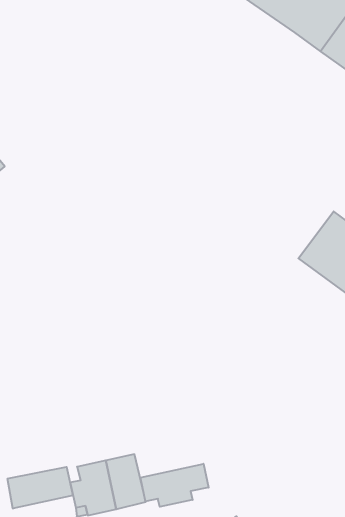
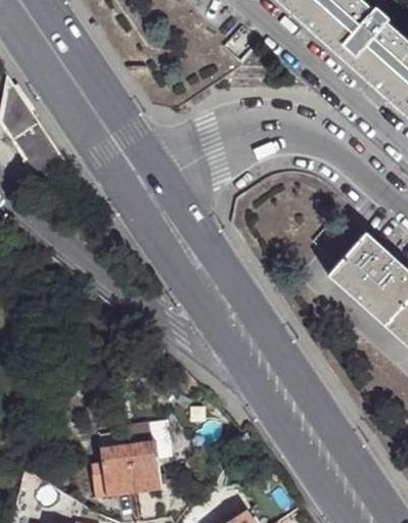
building: [140,464,209,507] -> none
building: [8,467,73,509] -> none

